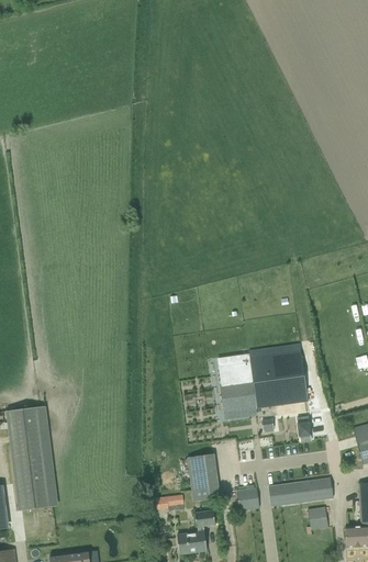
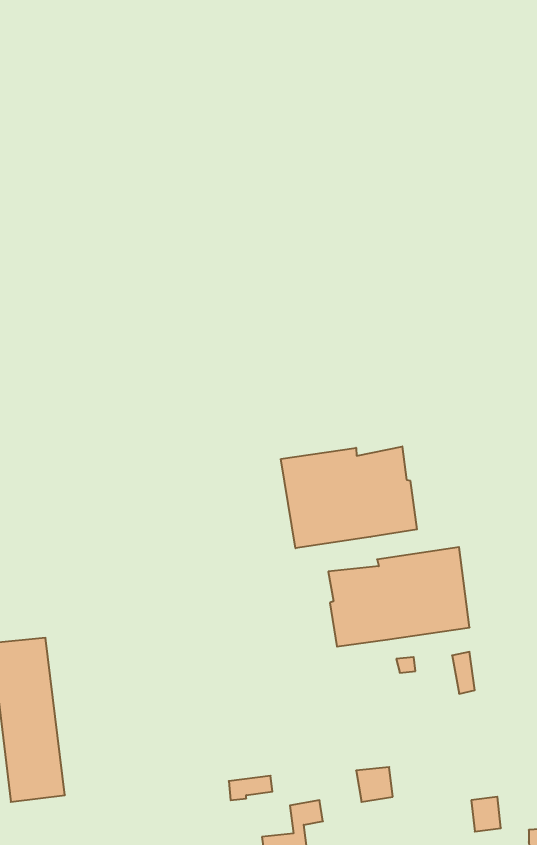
building: none -> [281,446,417,548]
building: [189,452,221,501] -> none
building: [270,479,334,506] -> none

